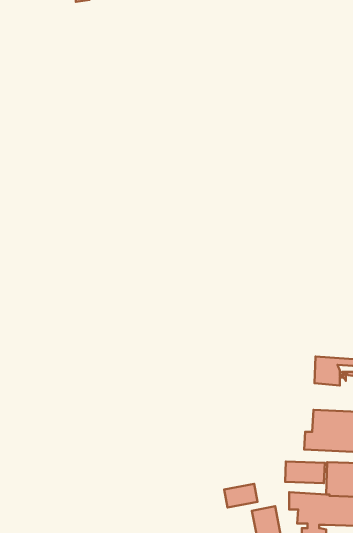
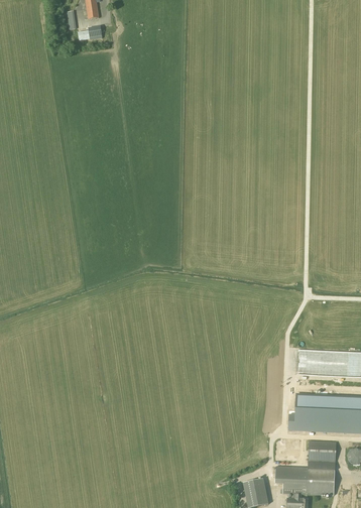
building: [285,462,325,483] -> none
building: [224,484,257,508] -> none

